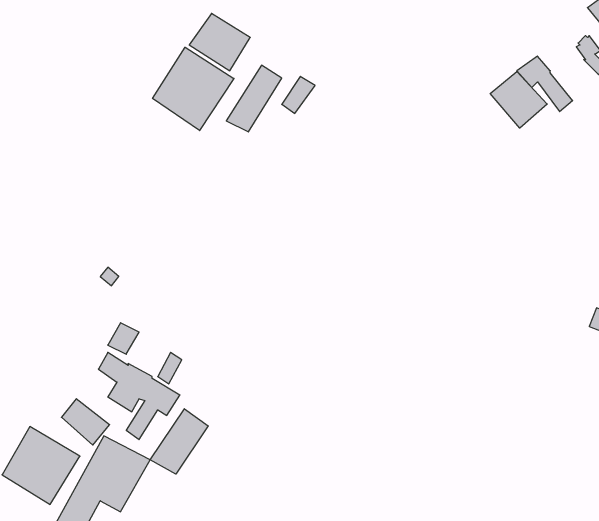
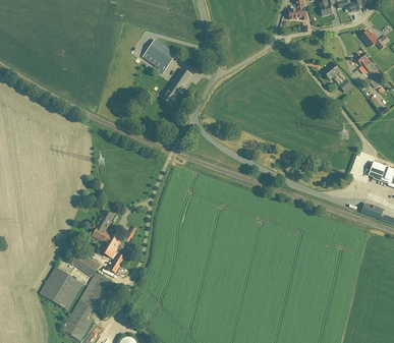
building: [153,47,234,131] -> none
building: [490,71,547,128] -> none
building: [150,409,208,474] -> none

